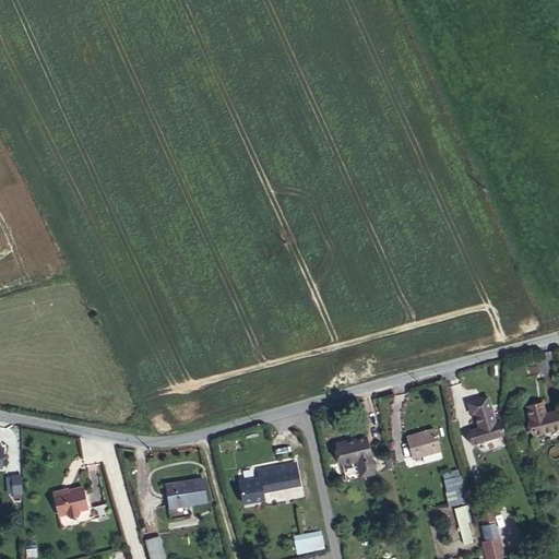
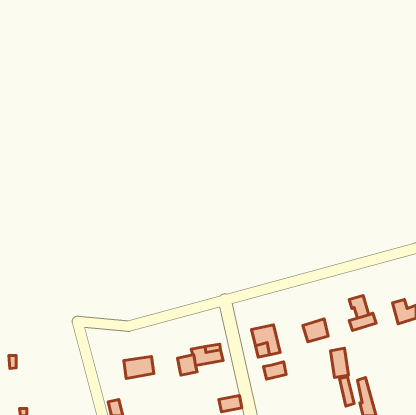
building: none -> [264,362,286,379]
building: [53,488,87,518] -> none

